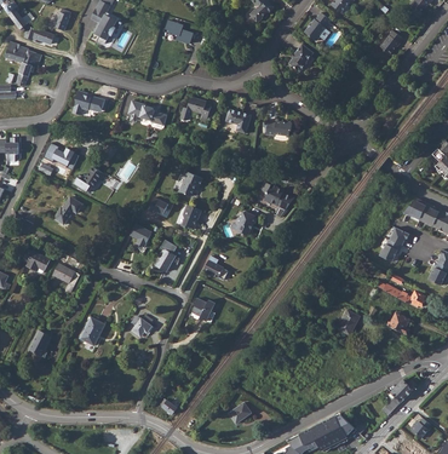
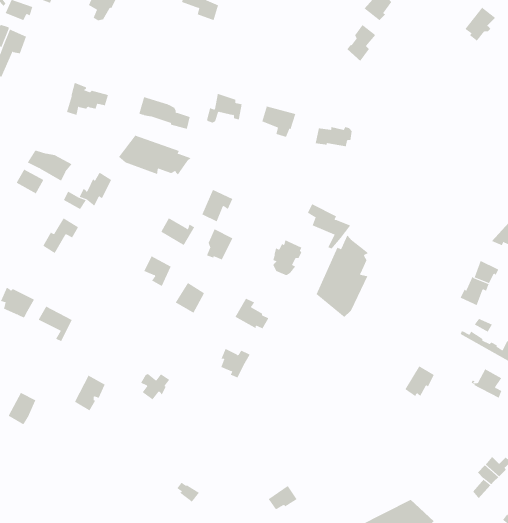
building: none -> [118,135,192,175]
building: none -> [316,234,369,318]

